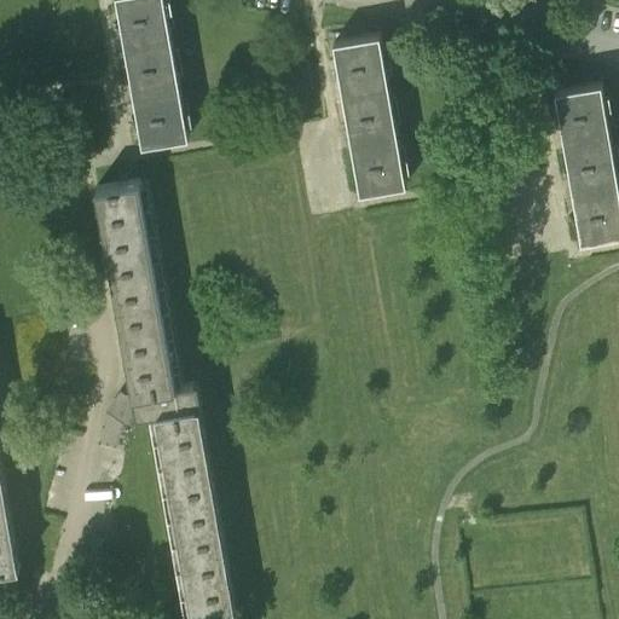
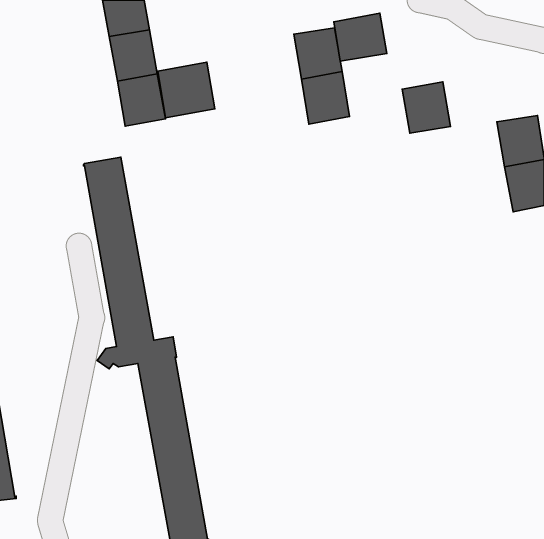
building: none -> [334,13,387,61]
building: none -> [158,62,215,118]
building: [554,88,608,146] -> [402,82,450,133]
building: [349,140,405,198] -> none

